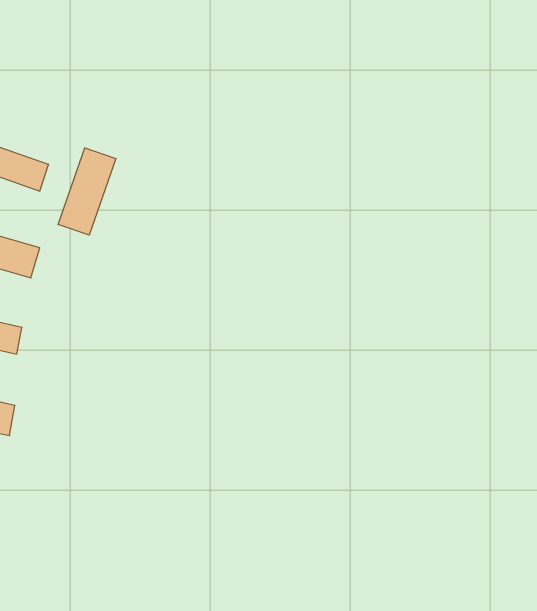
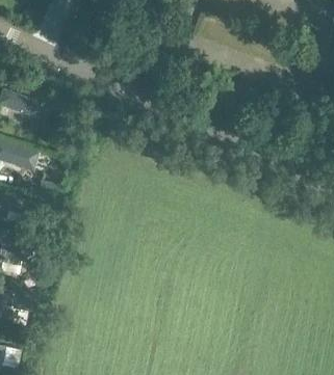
building: [58,148,116,235] -> none

